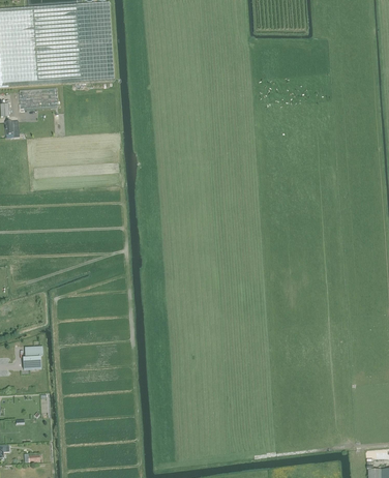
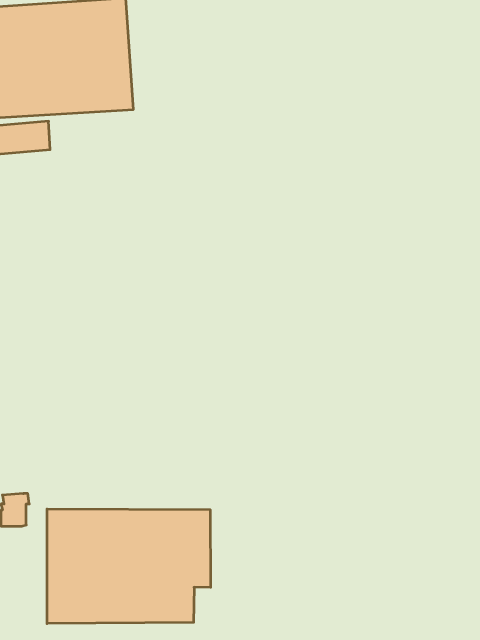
building: none -> [47,509,211,624]

